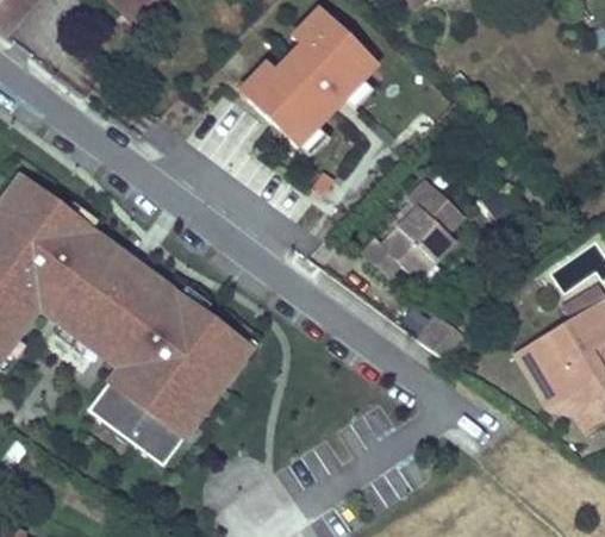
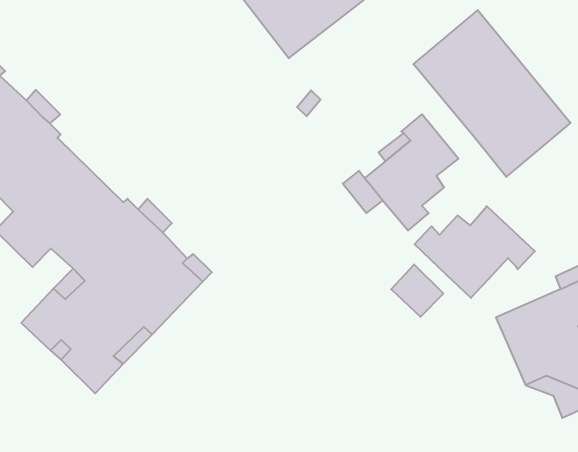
building: none -> [413,10,571,177]
building: none -> [415,206,535,298]

